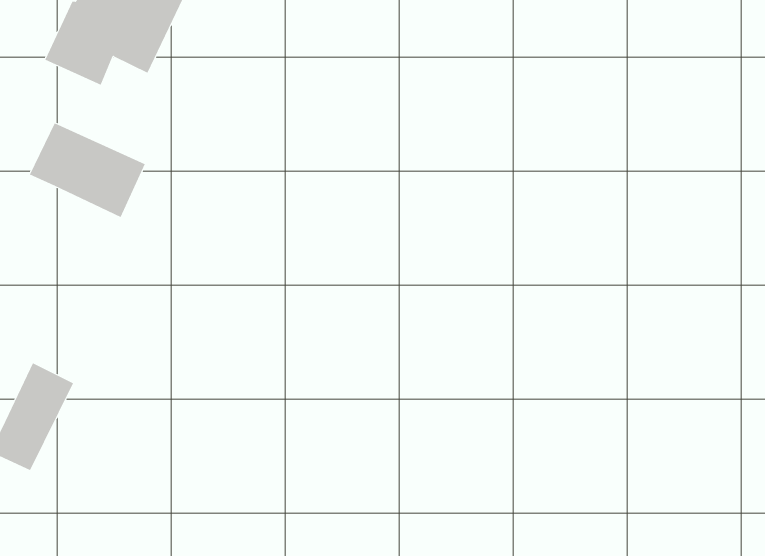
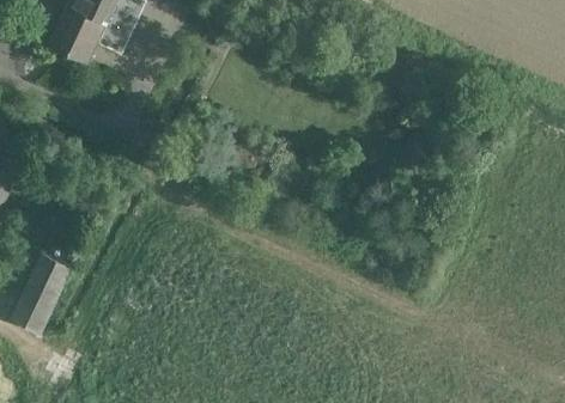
building: [29,122,145,218] -> none

